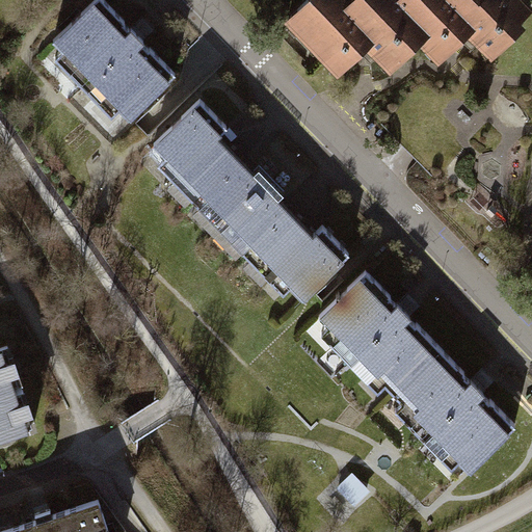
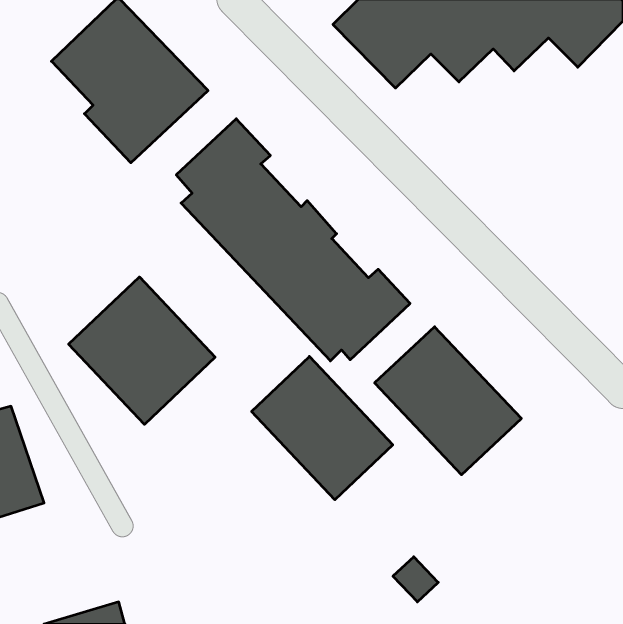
building: none -> [69,277,215,424]
building: none -> [252,356,393,500]
building: [392,355,514,479] -> none

